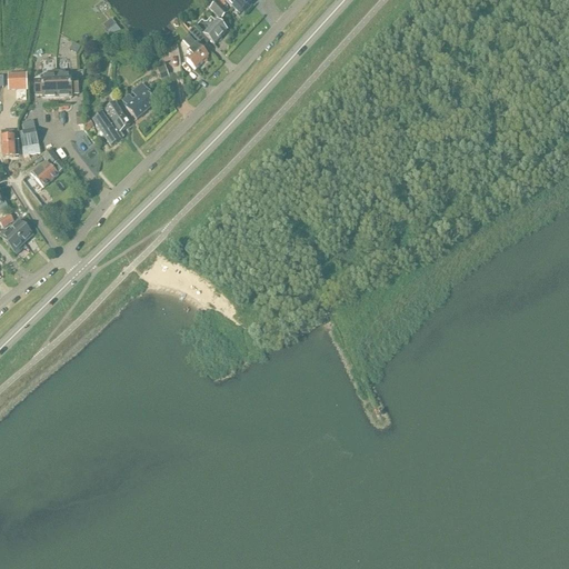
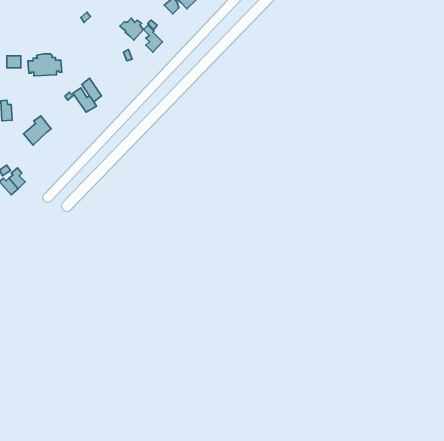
building: [197,14,227,42] -> [120,18,143,40]
building: [122,82,156,118] -> none
building: [22,118,40,153] -> none

